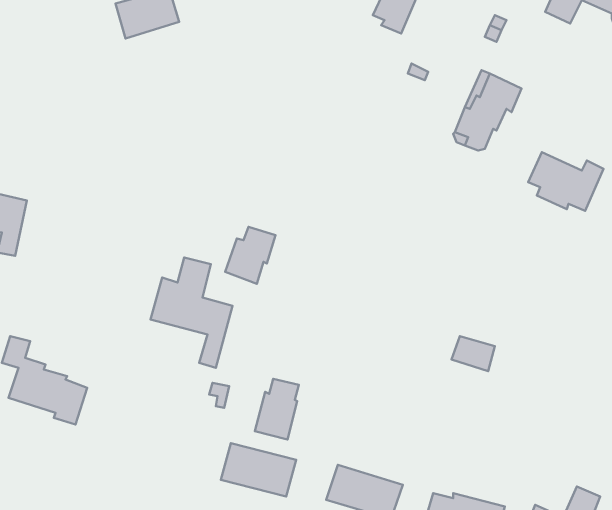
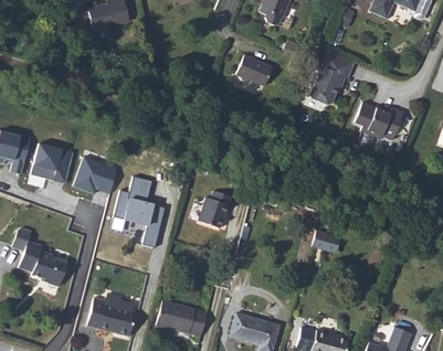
building: none -> [236,59,272,91]
building: none -> [31,142,74,182]
building: none -> [72,153,119,193]
building: [225,227,275,284] -> [196,188,229,225]
building: [255,379,299,439] -> none
building: none -> [85,290,131,333]

